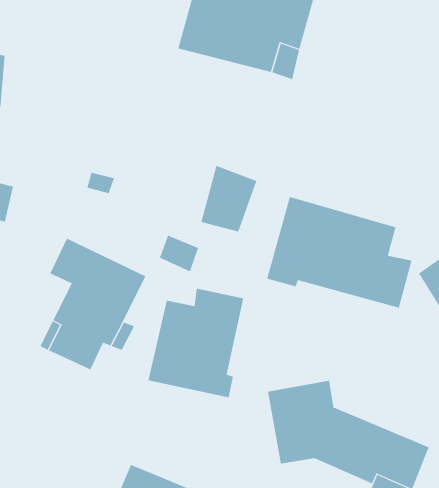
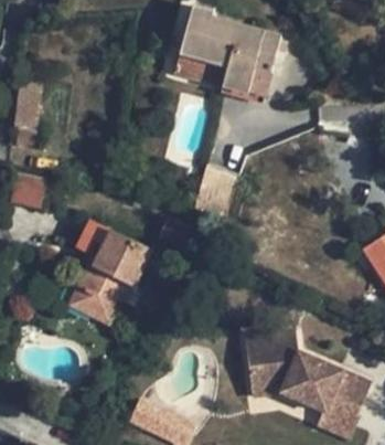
building: [267,196,412,309] -> none
building: [148,288,244,398] -> none

